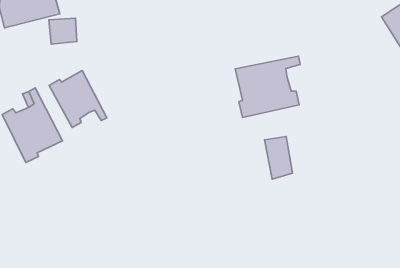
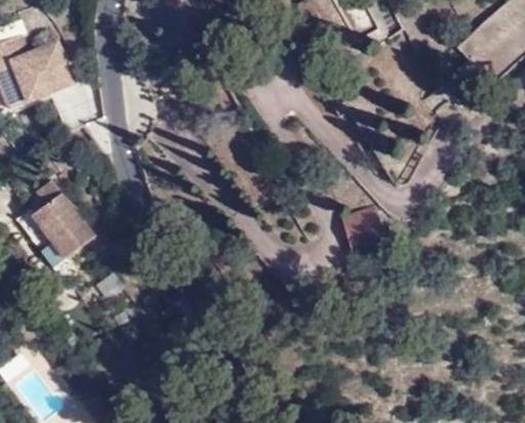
building: [235,56,300,117] -> none
building: [49,71,107,127] -> none

